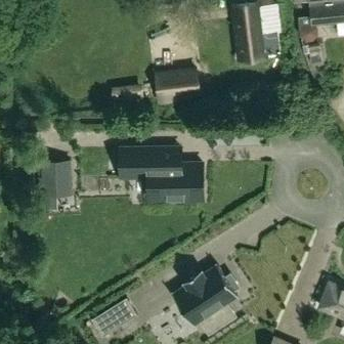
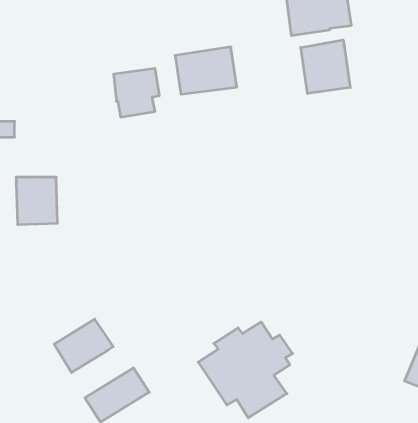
building: none -> [301,40,350,94]
building: [120,147,202,201] -> none
building: none -> [54,319,113,373]

